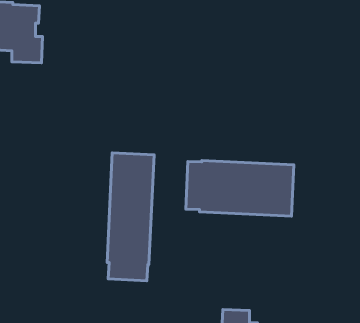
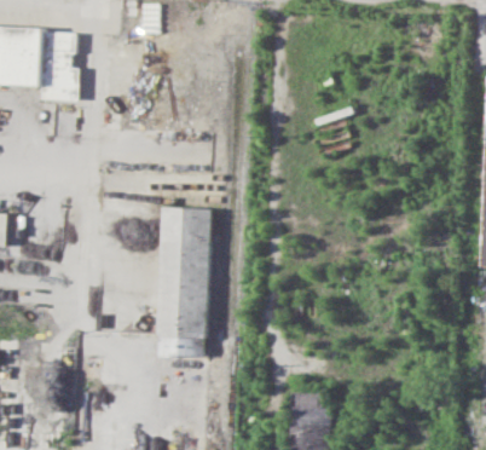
building: [186,160,294,216] -> none

